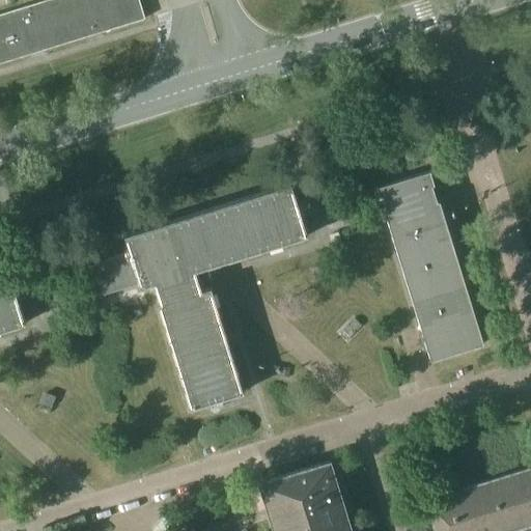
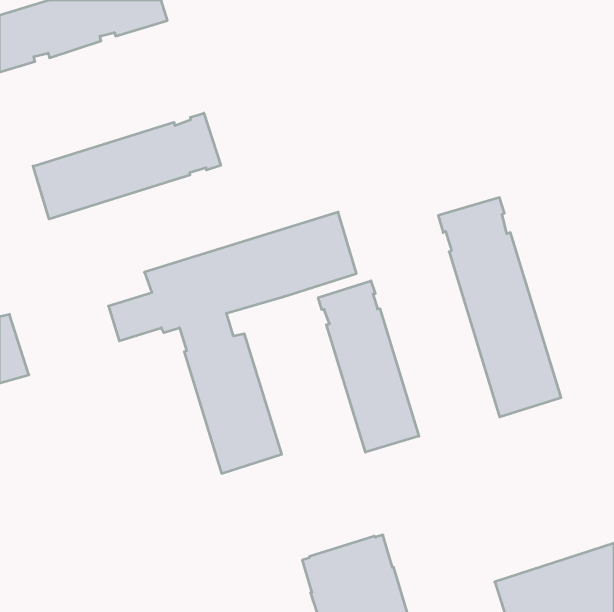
building: none -> [33,113,221,219]
building: none -> [318,281,419,452]

